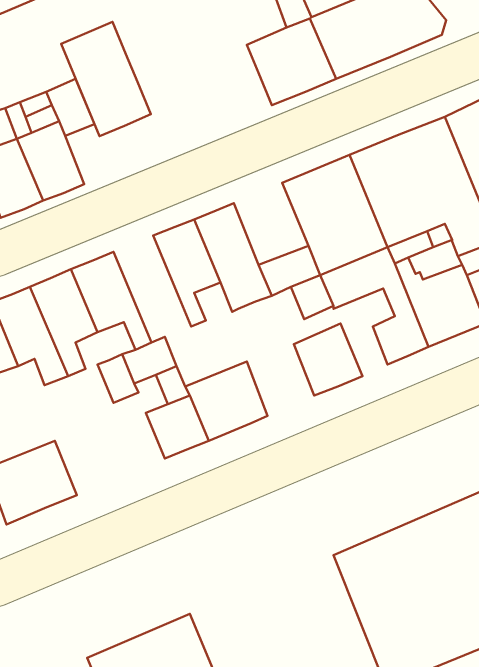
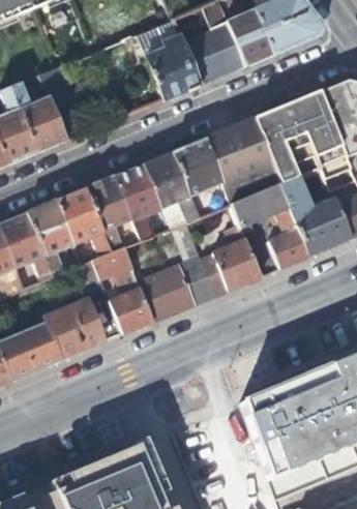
building: [61,22,151,136] -> [136,19,199,99]
building: none -> [172,139,225,197]
building: none -> [87,176,133,251]
building: none -> [175,222,217,303]
building: none -> [44,298,105,359]

